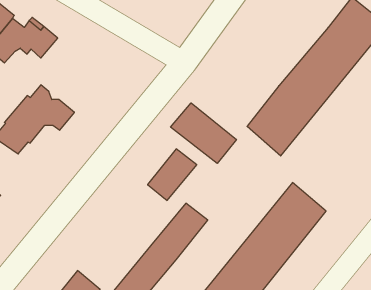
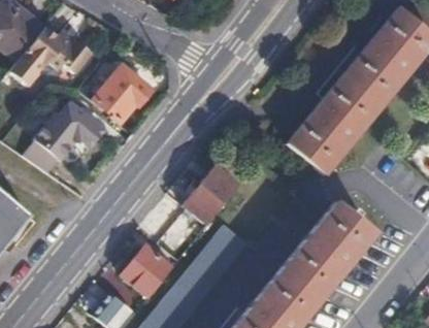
building: none -> [96,65,153,121]
building: [171,103,236,163] -> none
building: none -> [123,247,168,293]

